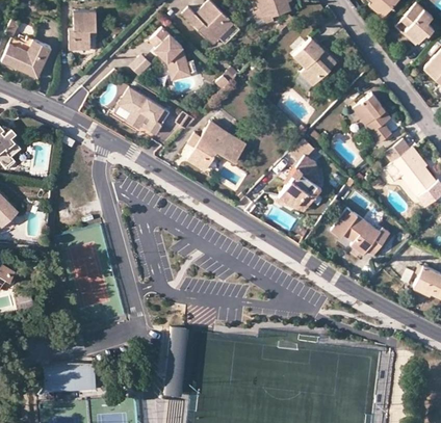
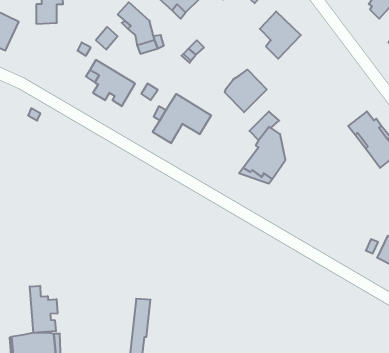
building: [347,92,392,142] -> none
building: none -> [225,70,267,112]
building: [331,209,389,256] -> none
building: none -> [30,286,57,333]

